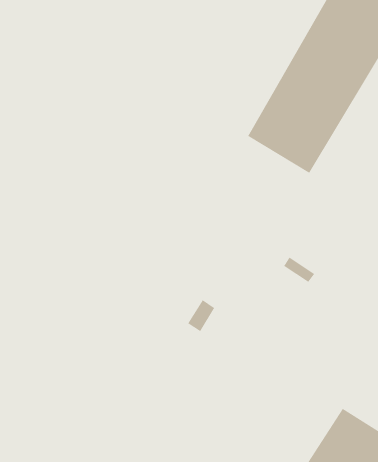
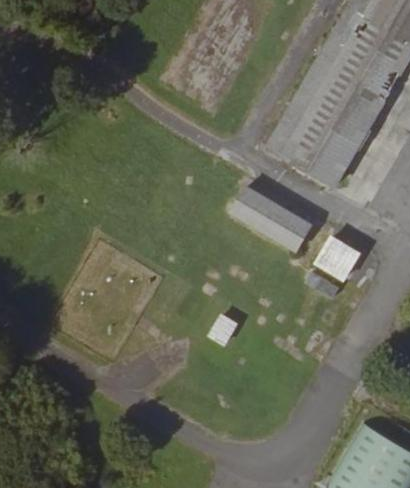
building: none -> [232,186,311,251]
building: none -> [316,237,359,279]

